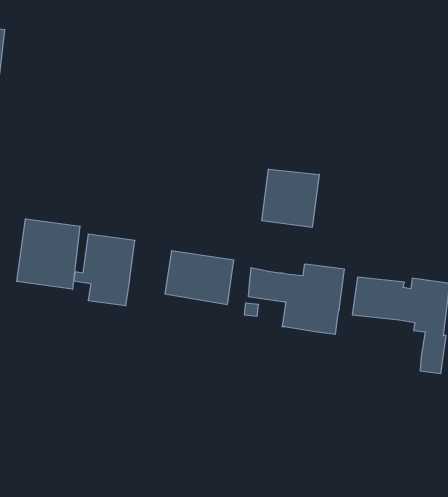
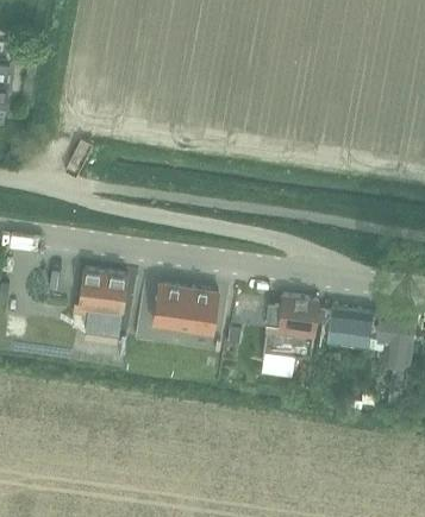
building: [262,169,319,227] -> none
building: [17,219,80,289] -> none

